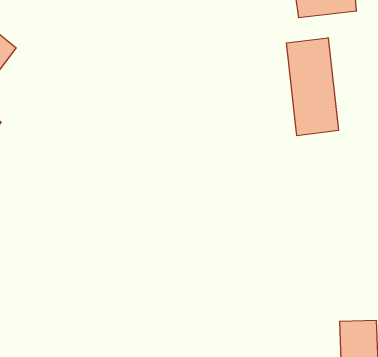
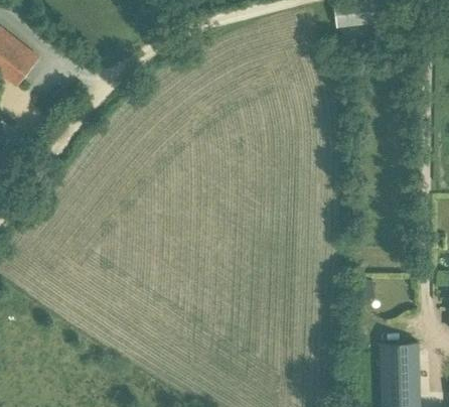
building: [286,38,339,136] -> none

